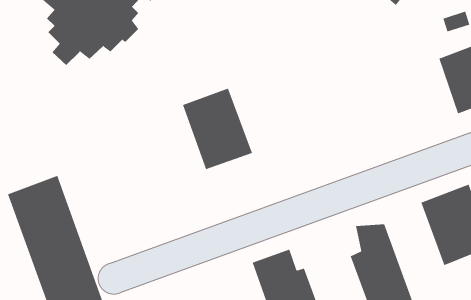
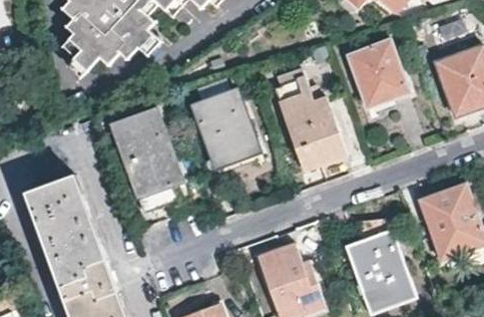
building: none -> [348,39,409,108]
building: none -> [275,78,347,173]
building: none -> [112,109,181,200]

